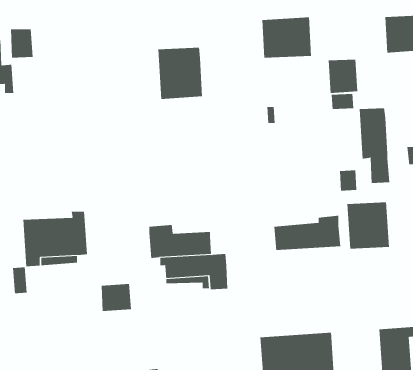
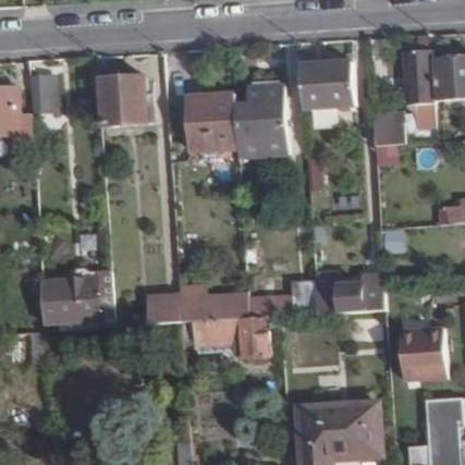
building: none -> [100,75,155,124]
building: none -> [234,86,289,156]
building: [359,108,390,183] -> [403,50,437,132]
building: [347,202,390,249] -> [401,327,448,378]
building: none -> [245,280,315,318]
building: [101,283,132,312] -> [146,294,180,325]

